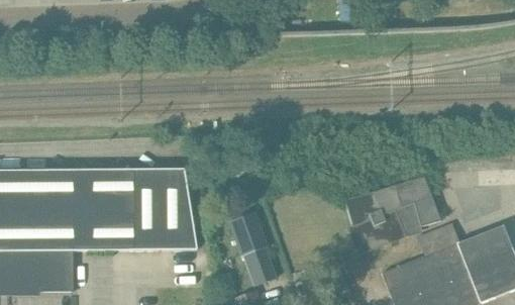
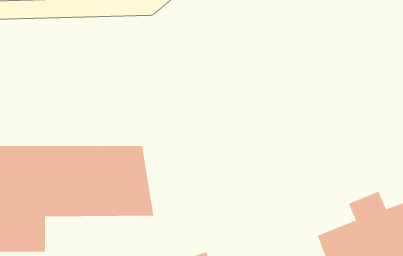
building: [344,175,439,248] -> none
building: [228,211,276,284] -> none

